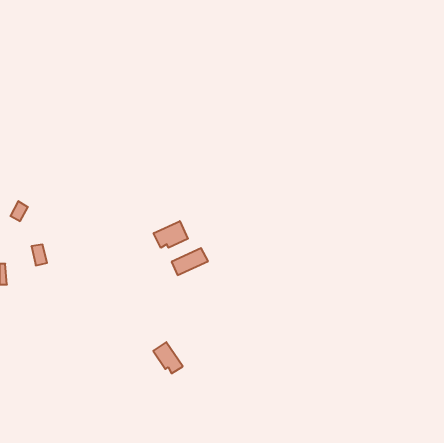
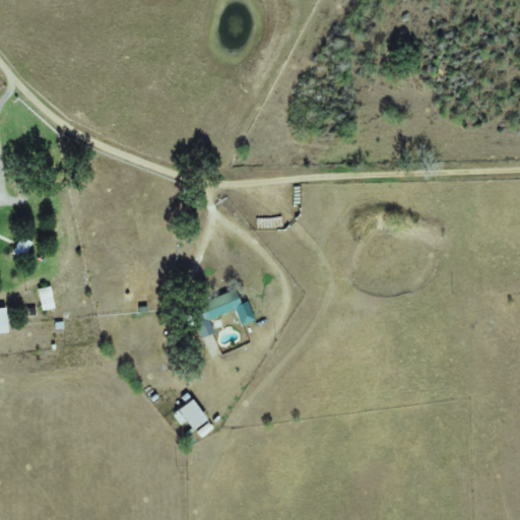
building: [154,221,188,248] -> none

